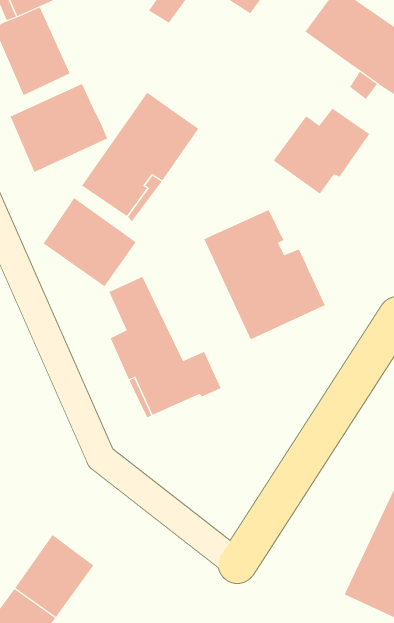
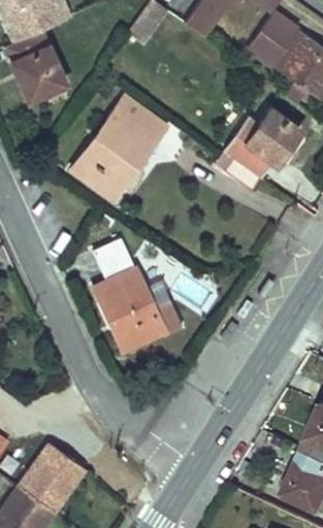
building: [10,83,108,173] -> none
building: [43,197,136,287] -> none
building: [204,209,325,340] -> none

